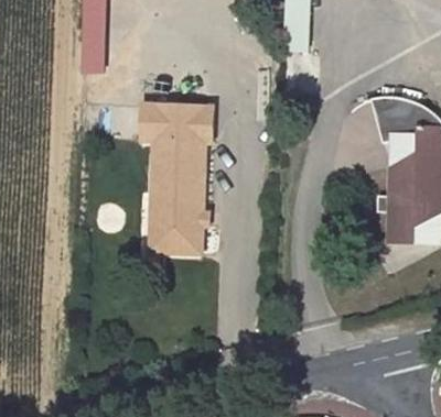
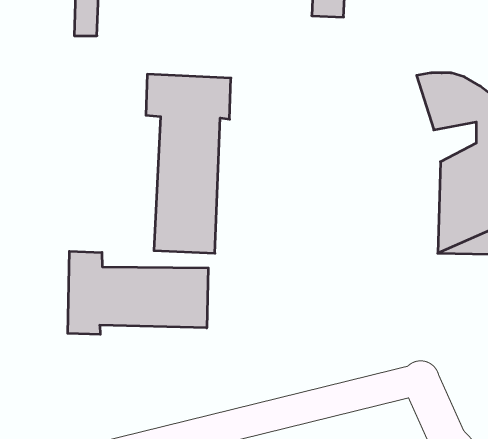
building: none -> [68,251,208,334]

